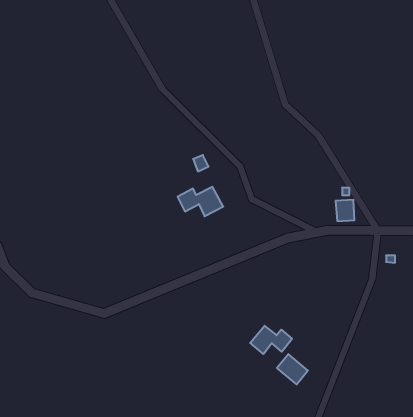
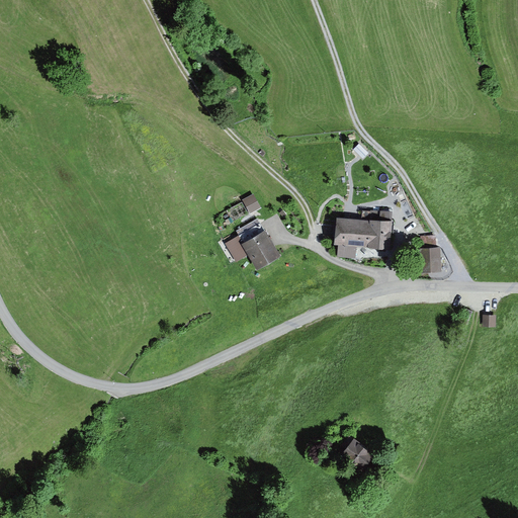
building: none -> [335,217,393,249]
building: [250,326,292,354] -> none

